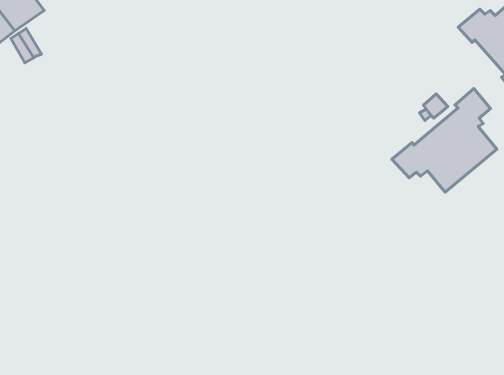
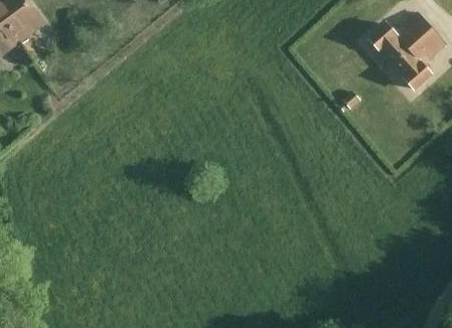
building: [392,88,497,192] -> none

